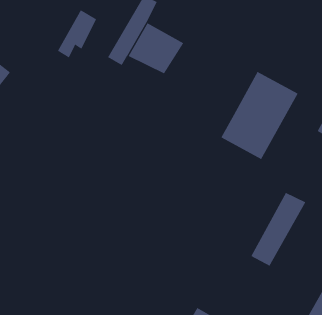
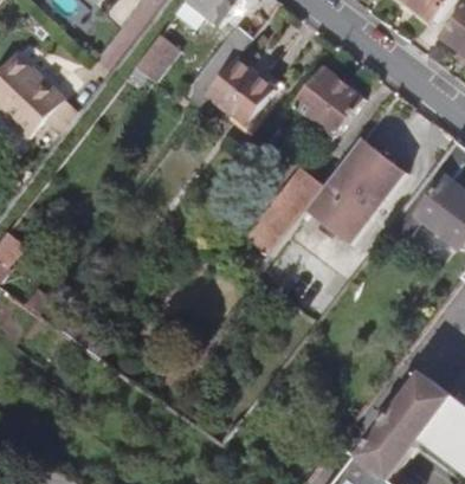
building: none -> [295,67,362,136]
building: [250,192,306,266] -> [247,168,322,253]

